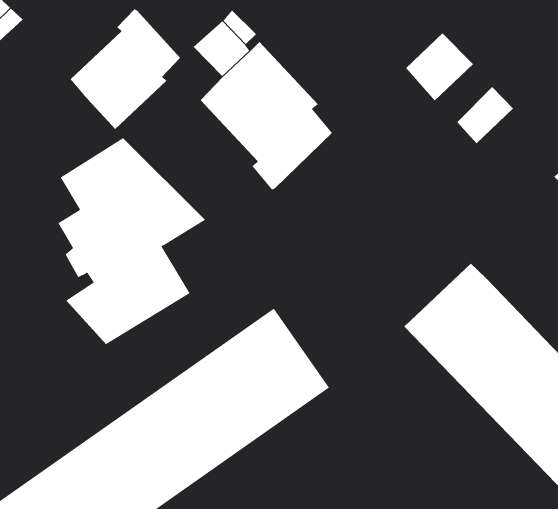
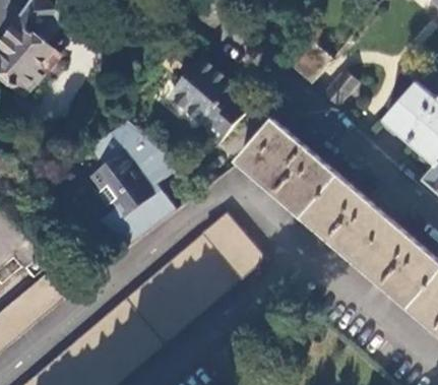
building: [70,9,181,130] -> none
building: none -> [237,120,339,218]

